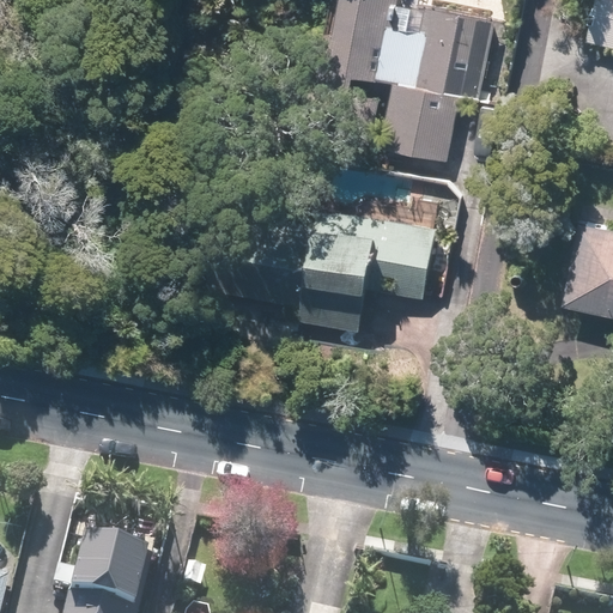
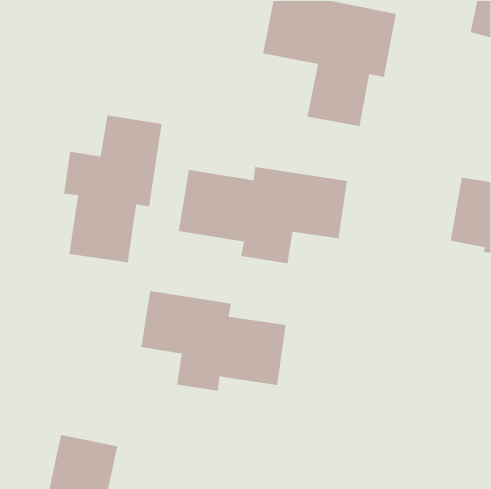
building: none -> [63,114,163,263]
building: none -> [140,290,287,392]

